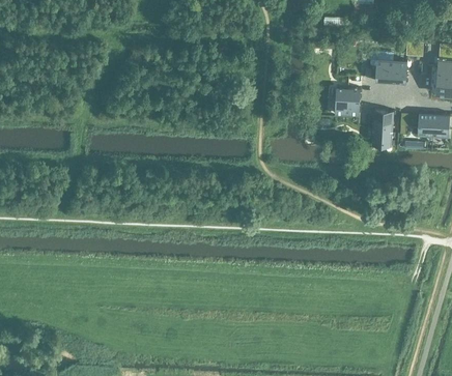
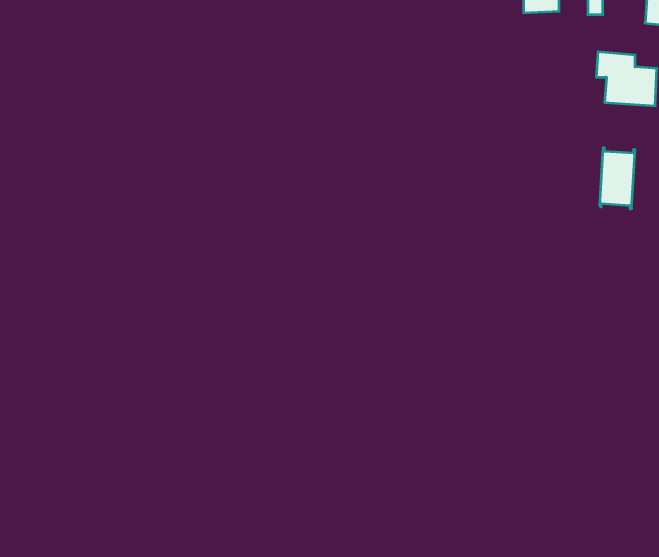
building: [334,87,360,116] -> none

